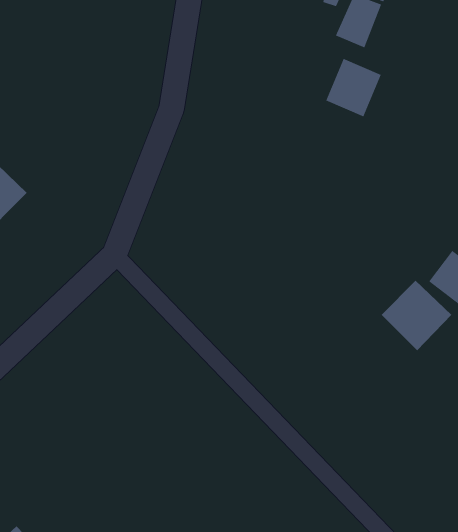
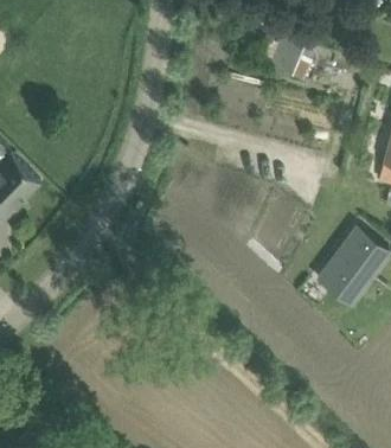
building: [325,58,382,117] -> none

